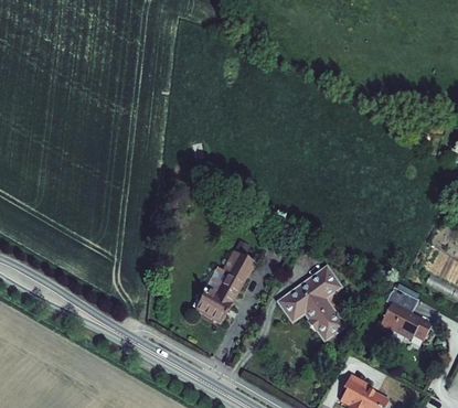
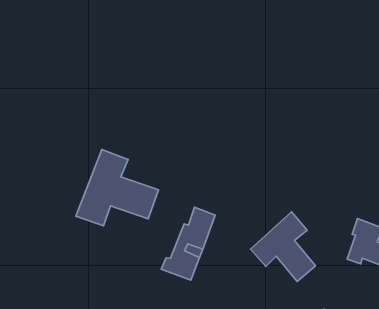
building: none -> [76,150,158,226]

